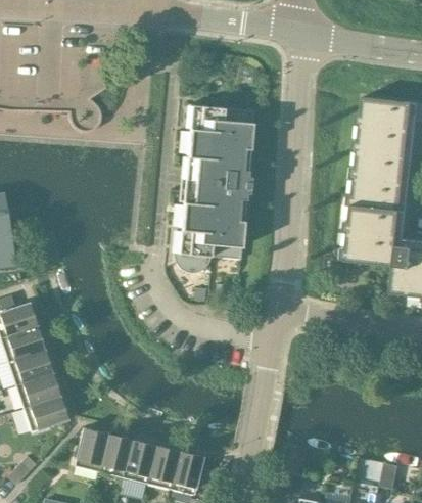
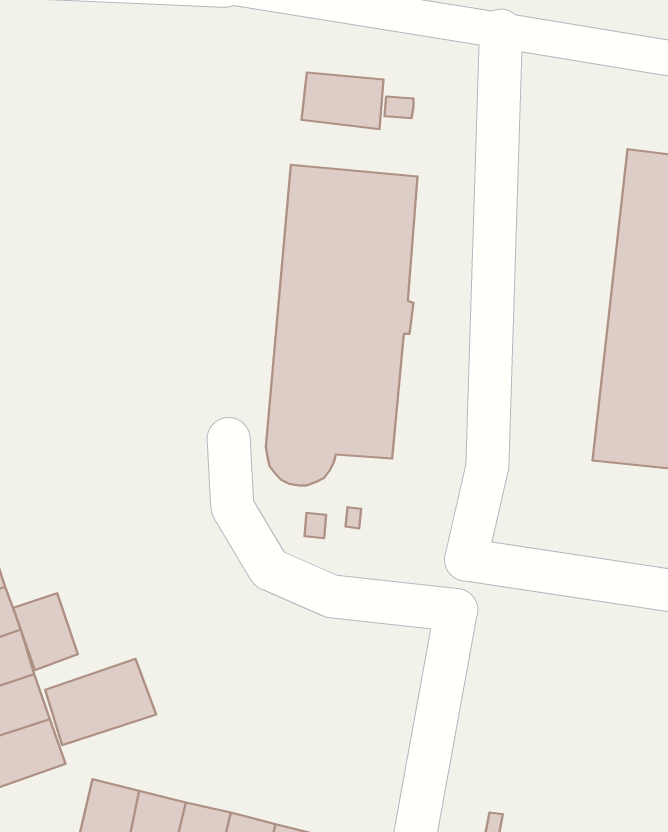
building: none -> [301,73,384,129]
building: none -> [13,593,78,670]
building: none -> [45,659,156,745]

